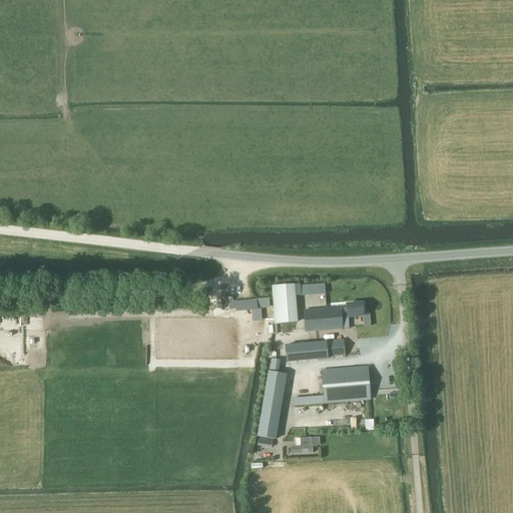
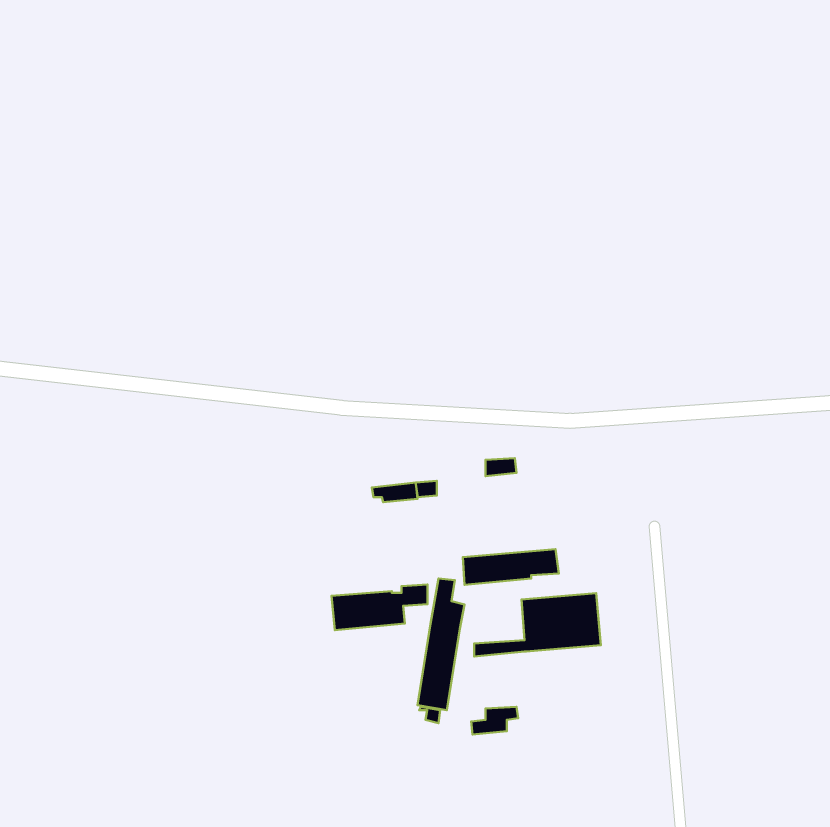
building: [273,283,296,323] -> none
building: [304,302,363,330] -> [332,585,427,630]

